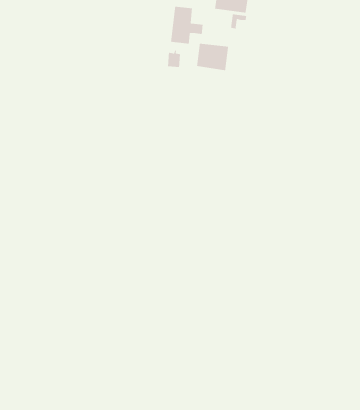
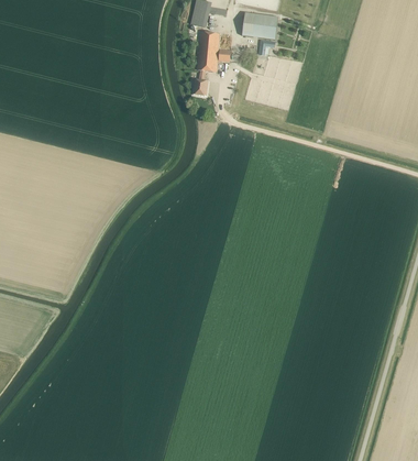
building: [196,43,229,71] -> none

